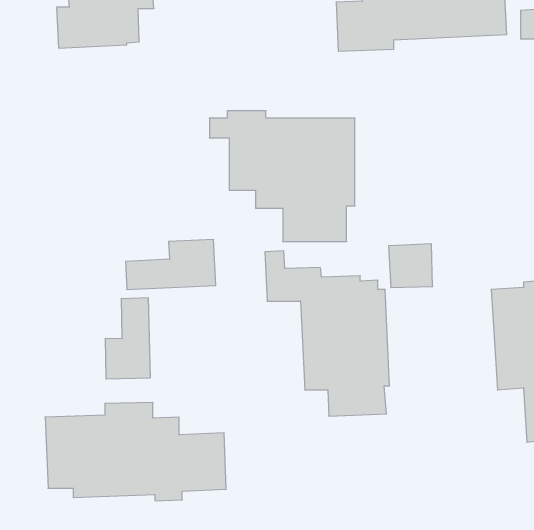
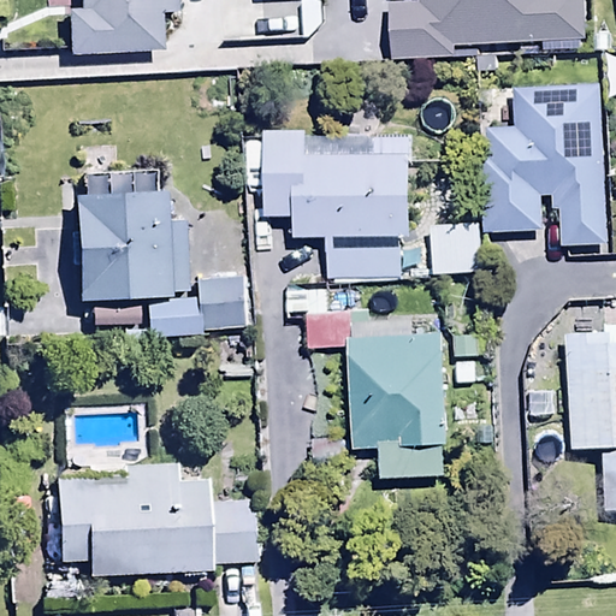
building: none -> [484,84,608,245]
building: none -> [75,189,186,298]
building: [389,244,433,288] -> [431,224,481,274]
building: [105,298,150,379] -> none

